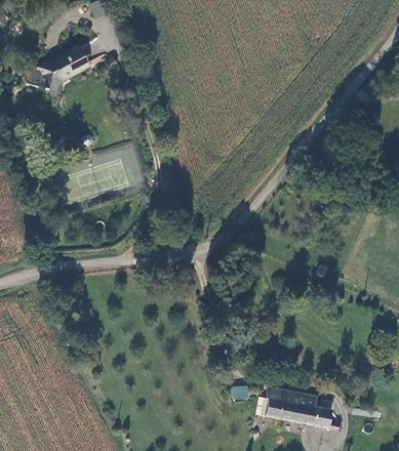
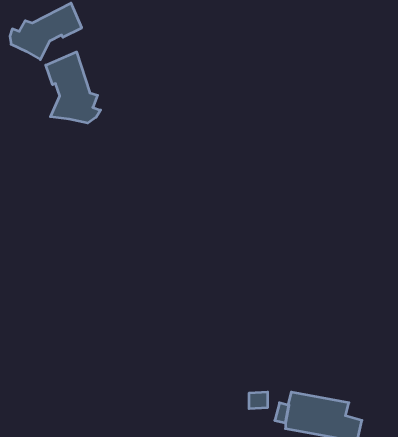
building: none -> [46,52,101,123]

